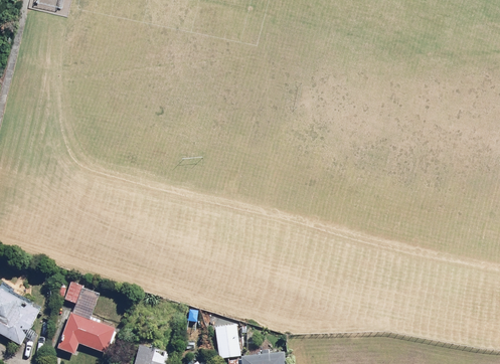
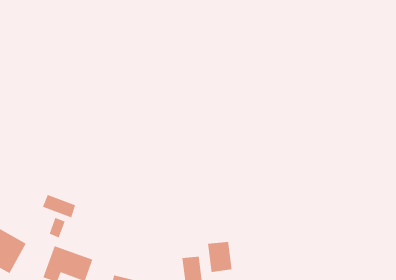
building: none -> [42,194,76,218]
building: none -> [207,241,232,273]

